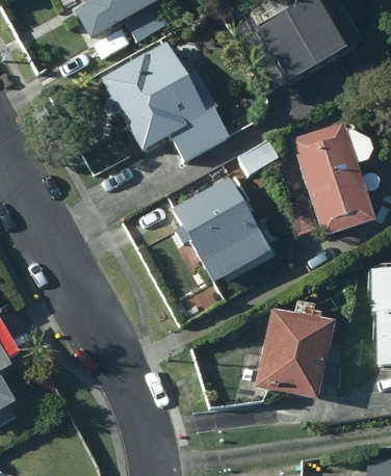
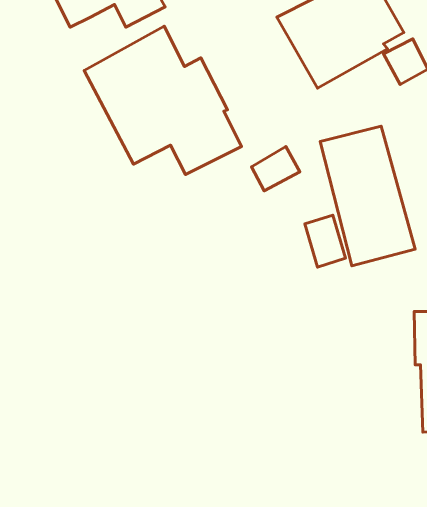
building: [172,180,270,287] -> none
building: [253,302,336,402] -> none

